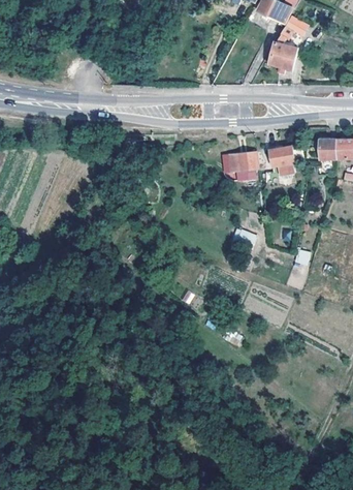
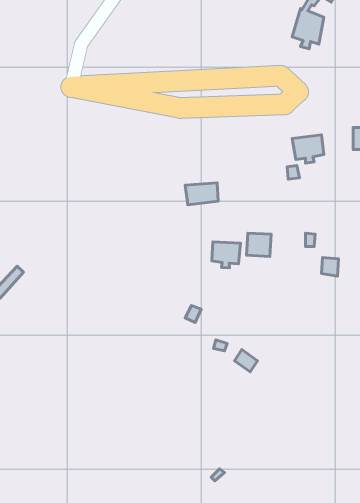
building: [230,152,258,171] -> [185,183,218,205]
building: none -> [212,242,240,268]

